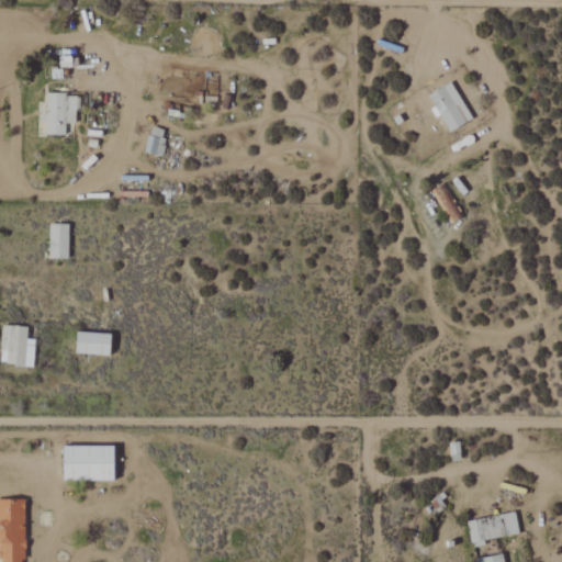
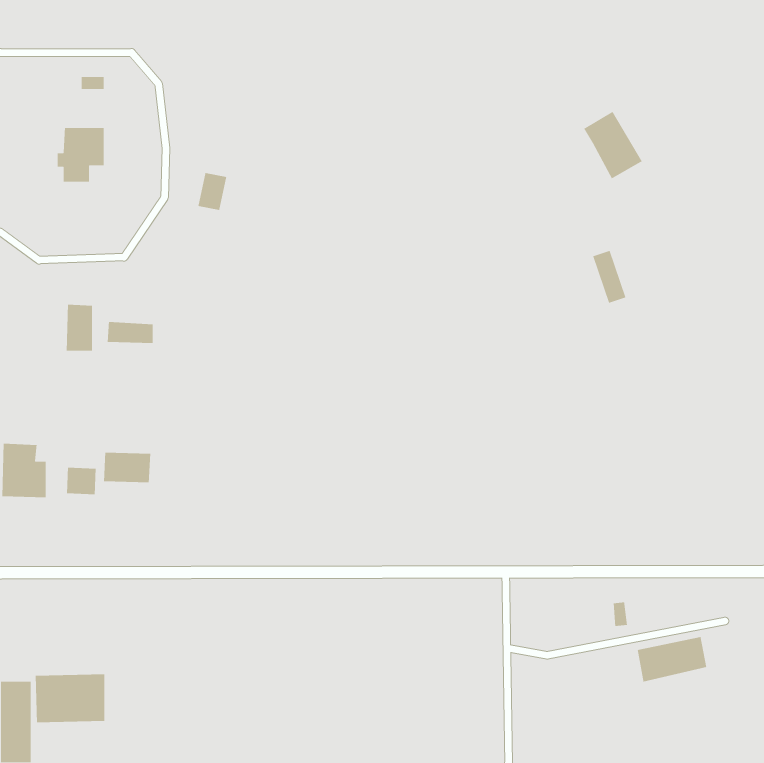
building: none -> [107,321,154,344]
building: none -> [66,467,96,495]
building: [63,445,114,481] -> [35,674,105,723]
building: [468,510,519,544] -> [637,636,707,682]

